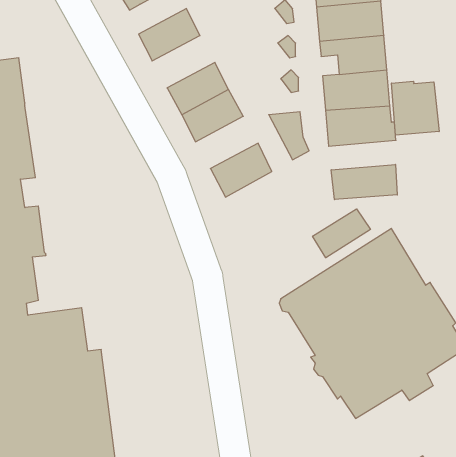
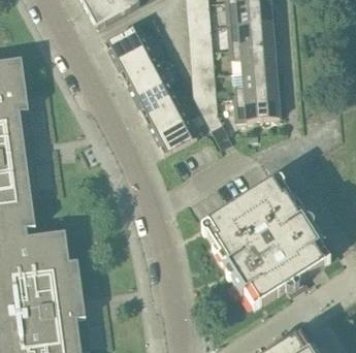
building: none -> [114,40,157,76]
building: [392,81,439,135] -> none
building: none -> [143,96,187,132]
building: [331,164,397,200] -> none
building: [313,209,370,258] -> none

